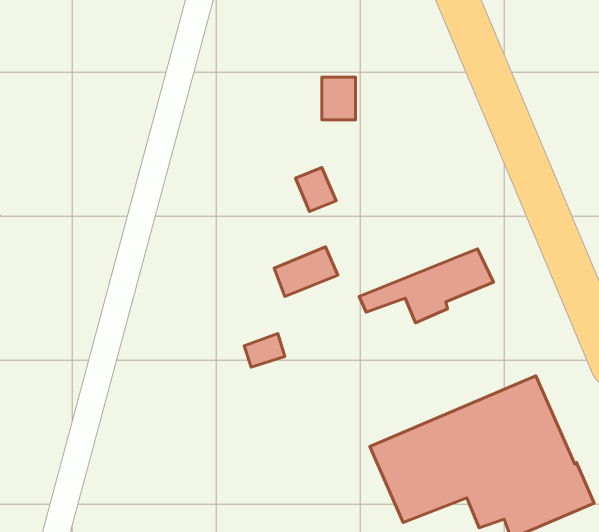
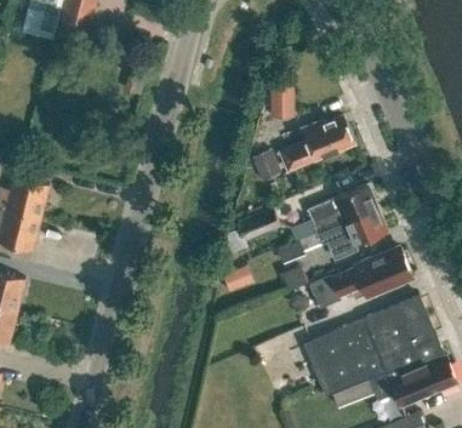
building: none -> [280,116,354,171]
building: none -> [291,184,377,241]
building: none -> [309,249,412,308]

